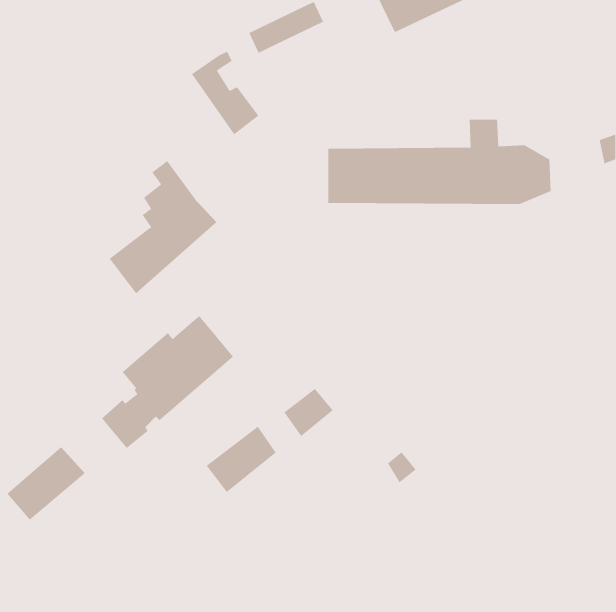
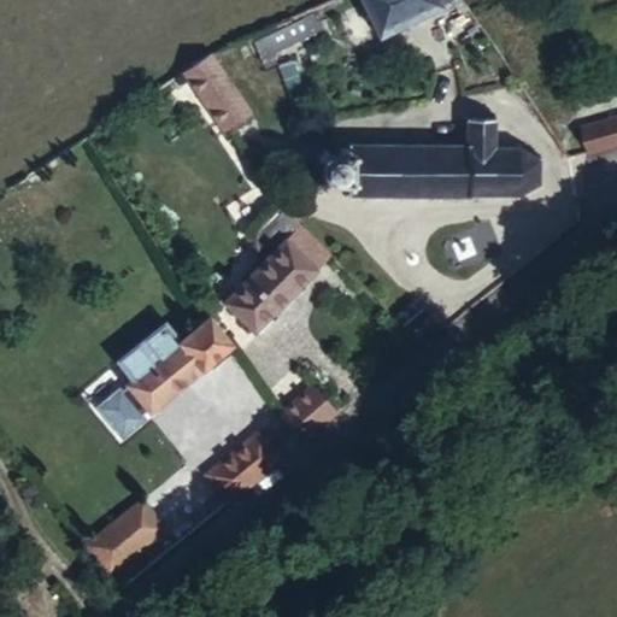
building: [109,160,217,294] -> [225,205,333,337]
building: [6,446,86,521] -> [84,490,163,564]

